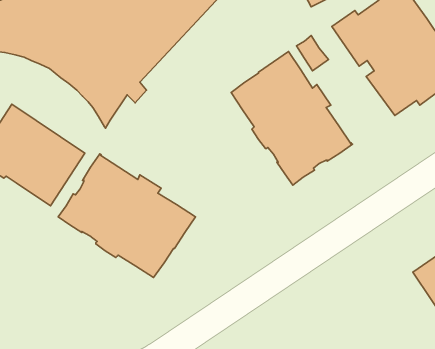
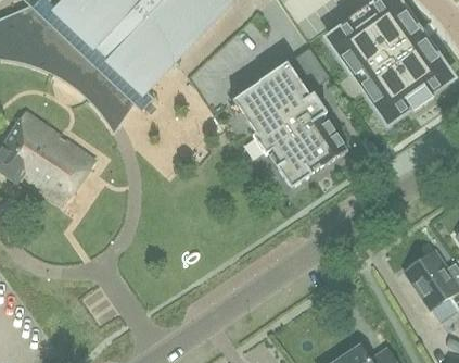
building: [58,154,195,278] -> none

